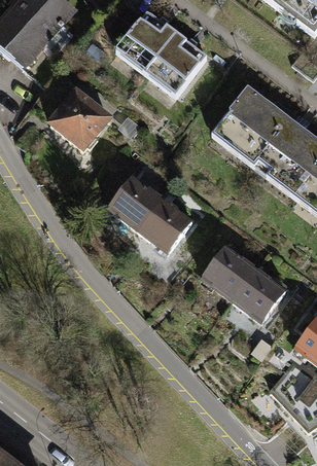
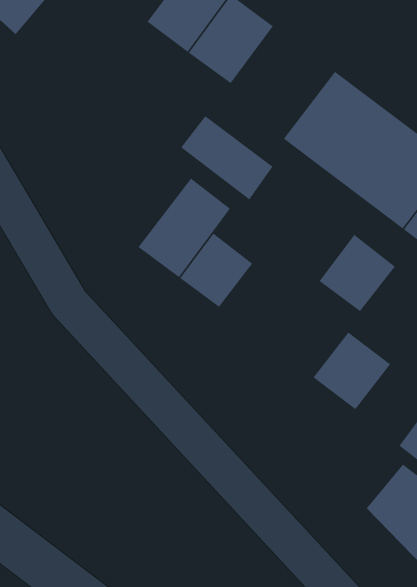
building: [51,92,108,148] -> none
building: none -> [180,115,273,200]
building: [203,245,256,299] -> [319,234,396,312]

